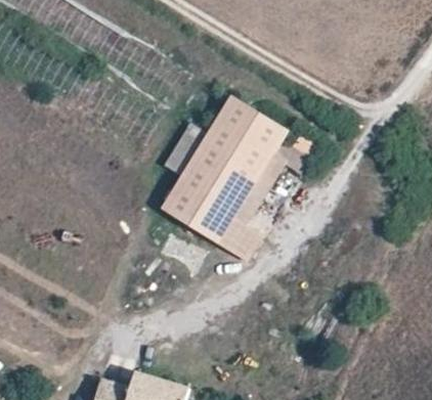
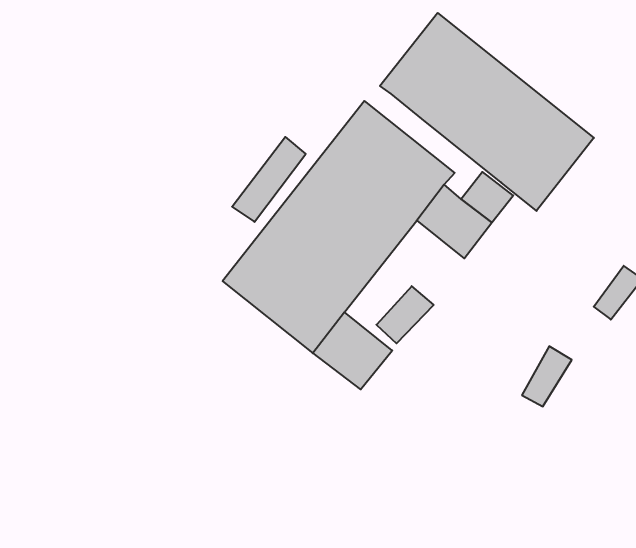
building: none -> [380,13,594,211]

